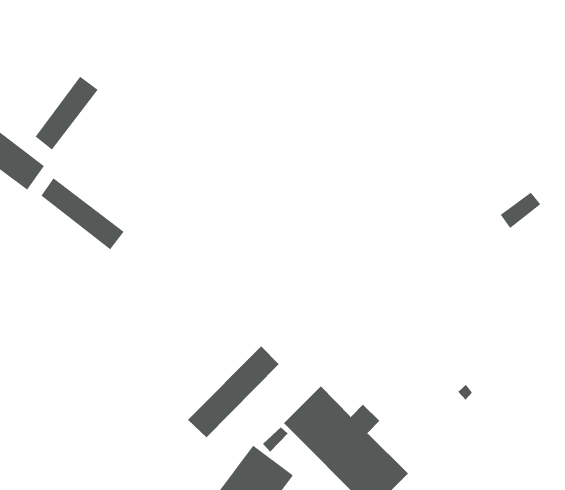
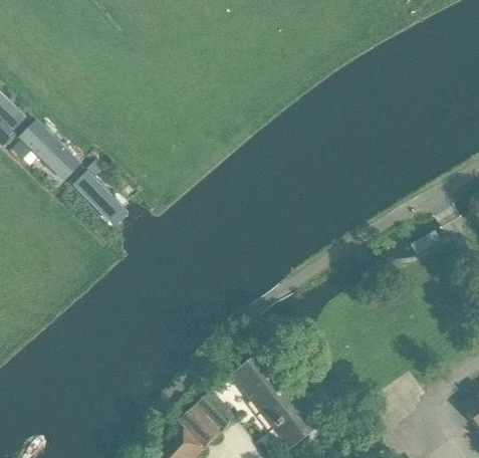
building: [35,76,98,151] -> none
building: [187,346,279,438] -> none

